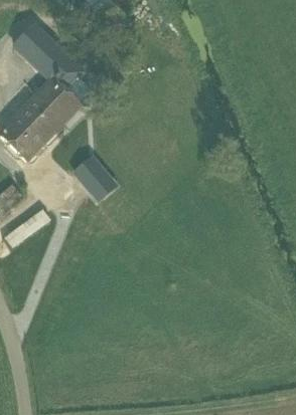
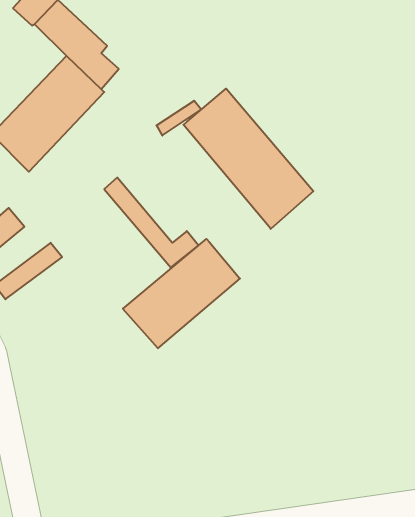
building: none -> [183,89,313,229]
building: none -> [123,239,240,348]

